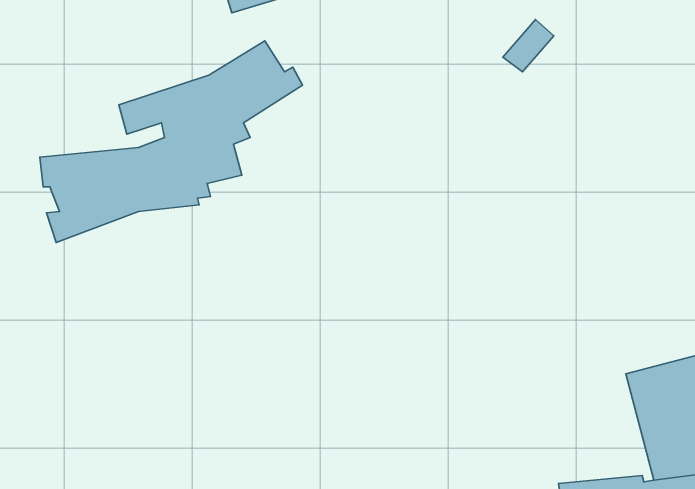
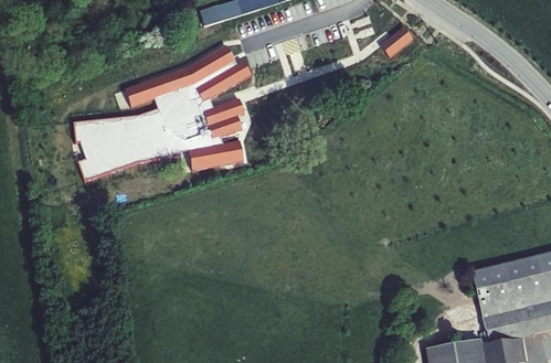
building: none -> [182,99,246,171]

